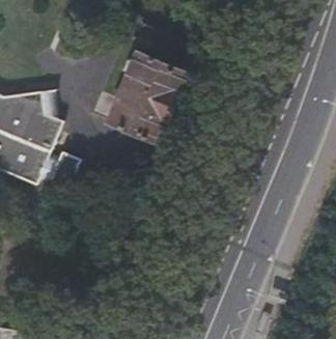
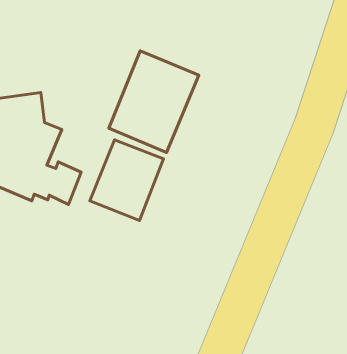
building: none -> [90,140,164,221]

